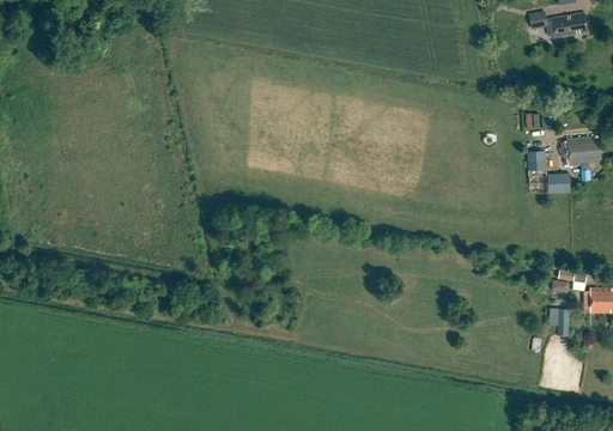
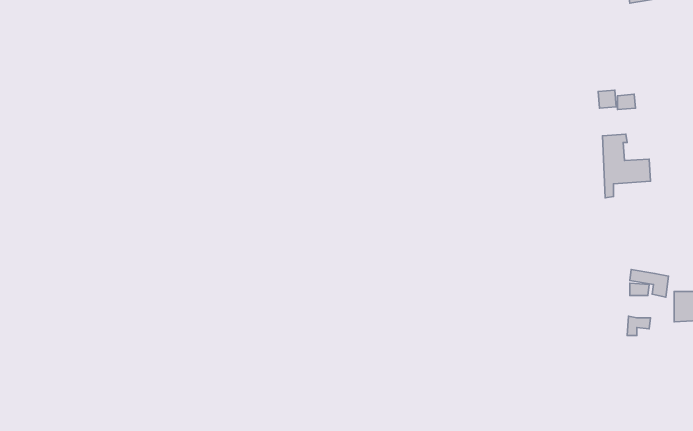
building: [557,136,599,181] -> none

